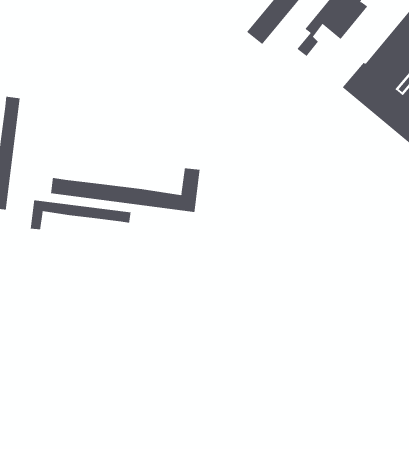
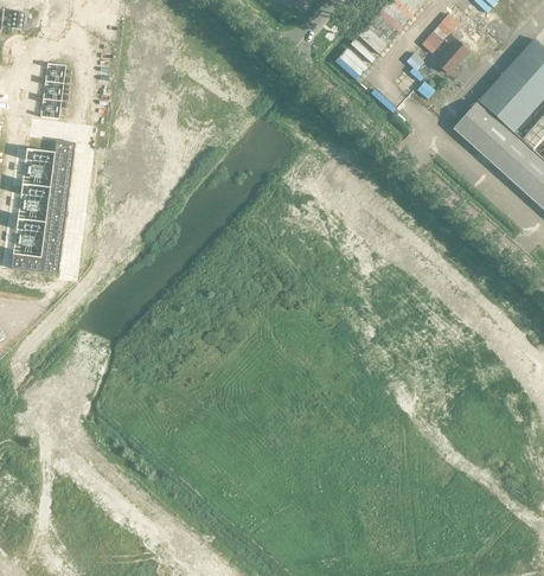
building: [51,168,200,213] -> none
building: [30,199,131,230] -> none

